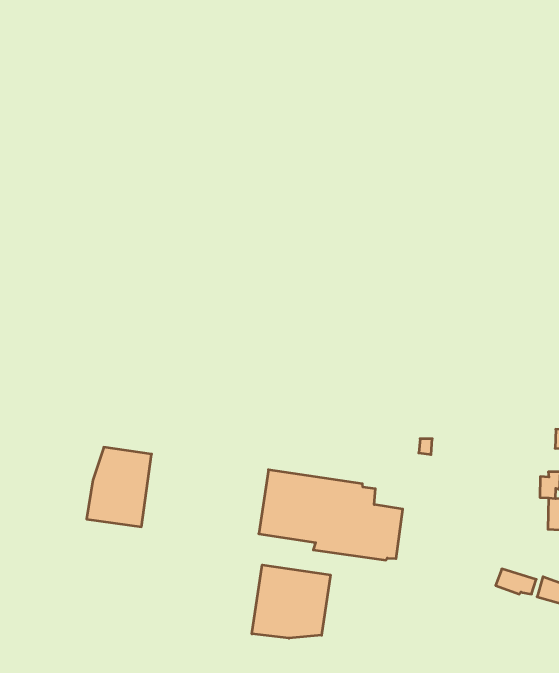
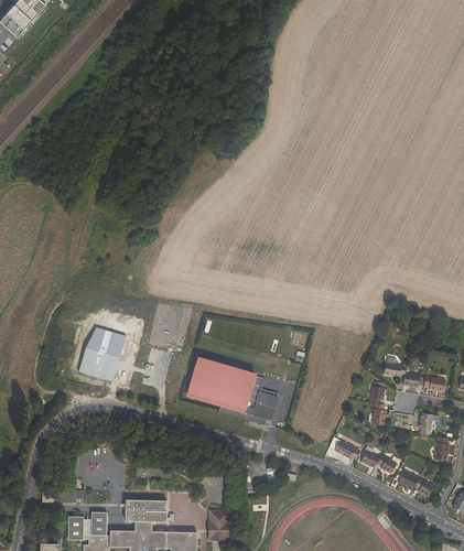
building: [252,565,330,638] -> none

